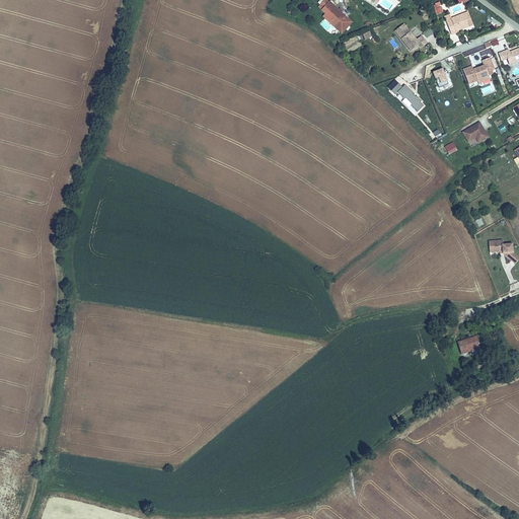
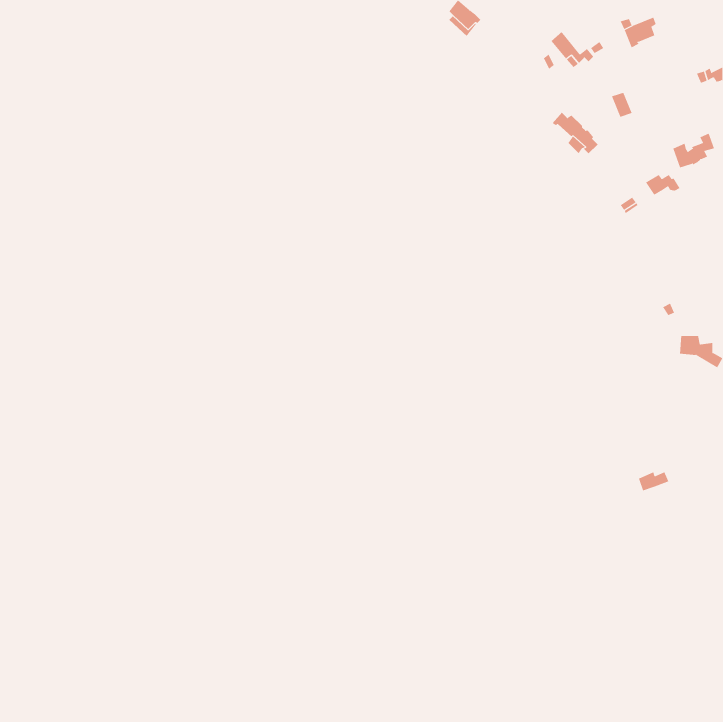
building: [464,59,495,84] -> [672,133,715,168]

